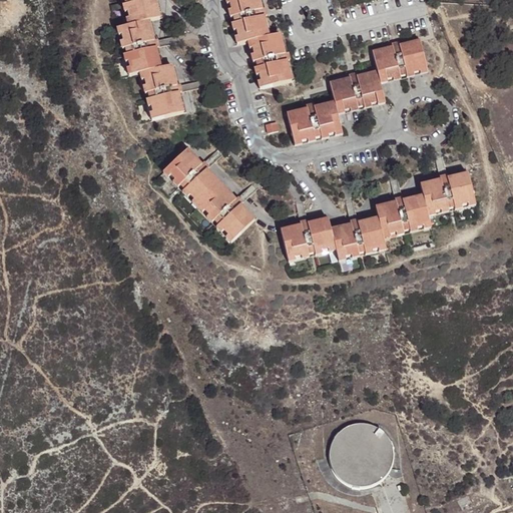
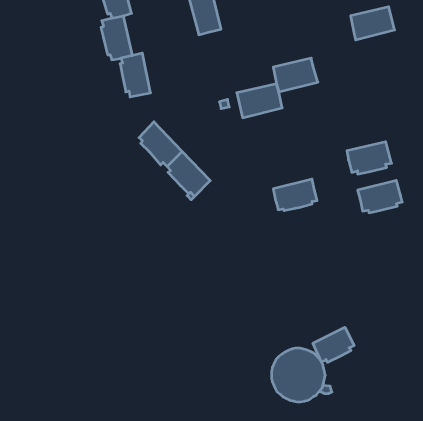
building: [252,32,291,86] -> none
building: [373,39,426,79] -> [351,7,395,40]
building: [375,193,429,232] -> [358,180,402,213]
building: [281,217,334,255] -> none
building: none -> [313,327,354,362]

